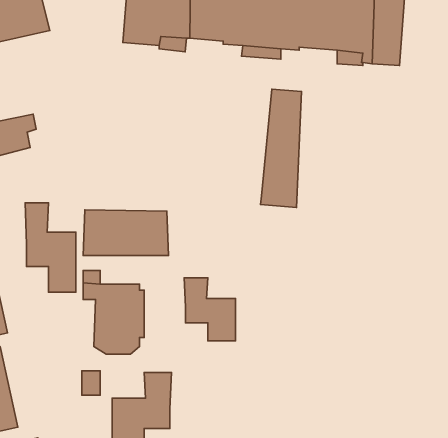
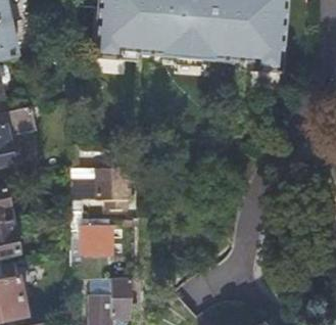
building: [260,89,301,207] -> none
building: [25,203,76,292] -> none
building: [184,278,235,341] -> none

